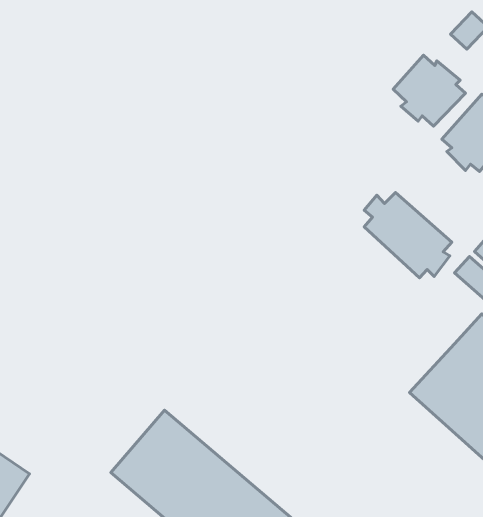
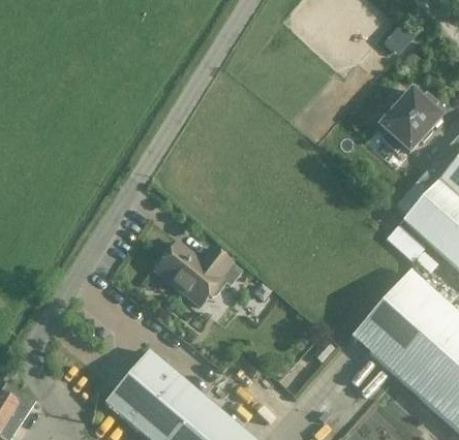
building: [393,55,466,126] -> none
building: [364,192,452,278] -> none
building: none -> [155,239,232,303]

